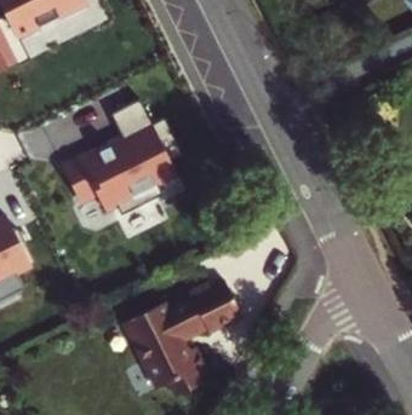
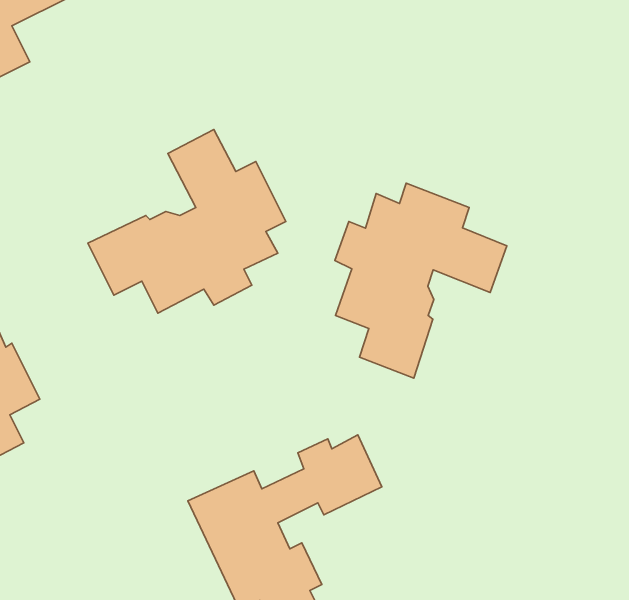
building: none -> [335,183,507,378]

